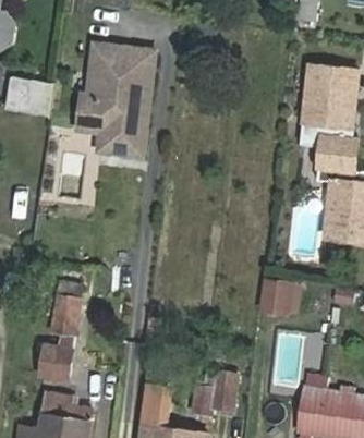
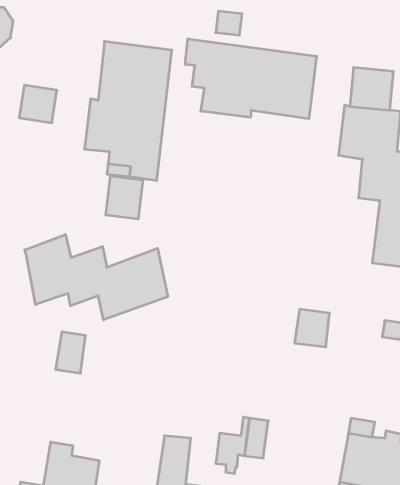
building: none -> [185,39,317,119]
building: none -> [106,176,143,219]
building: none -> [25,234,168,320]
building: [43,336,73,379] -> none

